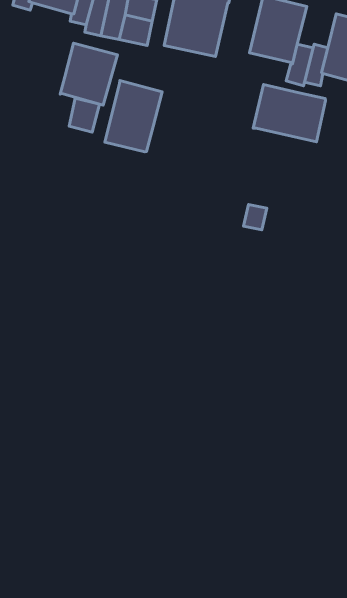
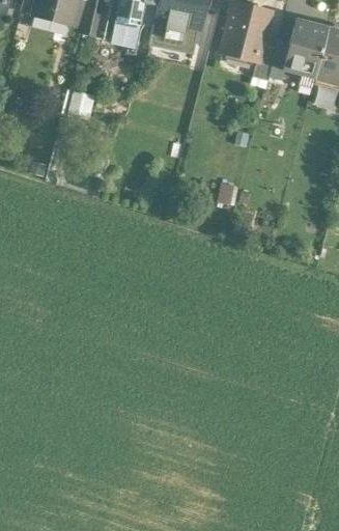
building: [60,43,117,105] -> none
building: [105,81,162,152] -> none
building: [253,84,326,142] -> none

